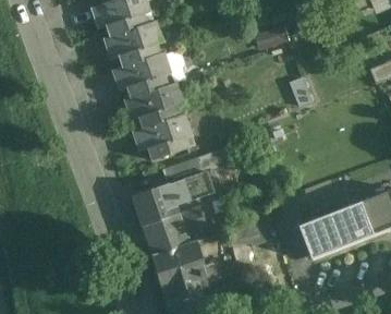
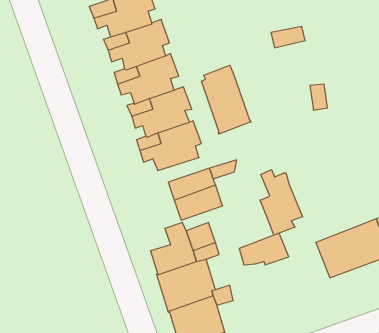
building: none -> [202,65,251,134]
building: none -> [260,170,303,235]
building: [134,186,175,233] -> none

